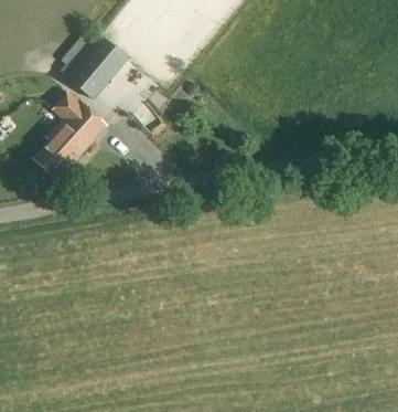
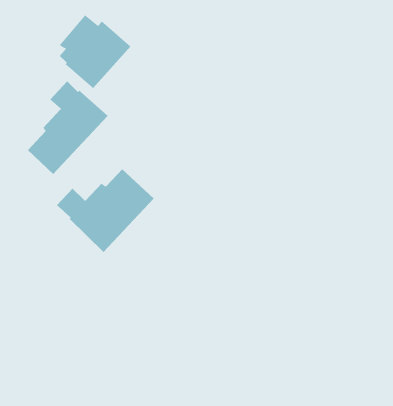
building: none -> [56,168,155,253]

